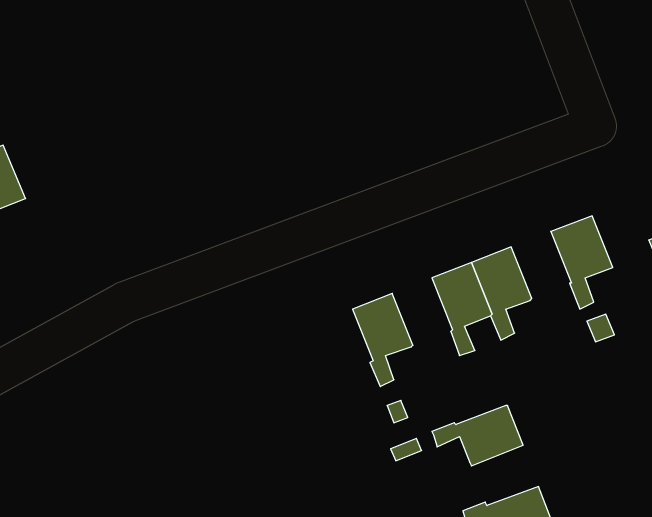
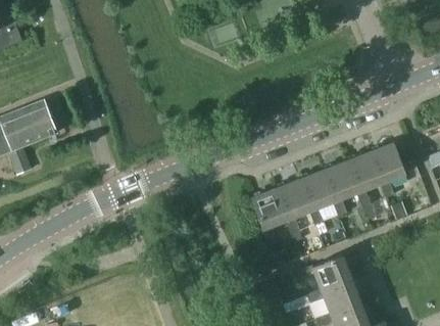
building: none -> [345,152,381,207]
building: none -> [275,180,310,235]
building: none -> [307,279,361,315]

